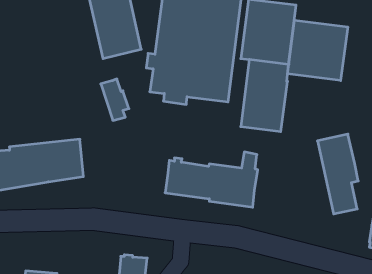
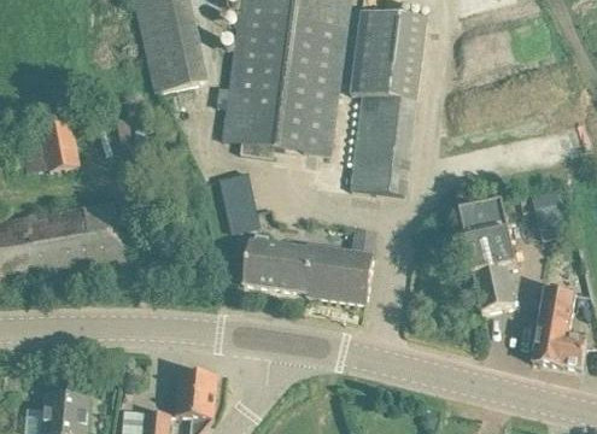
building: [287,20,348,81] -> none
building: [101,79,129,120] -> [222,171,262,230]
building: none -> [18,121,80,172]

